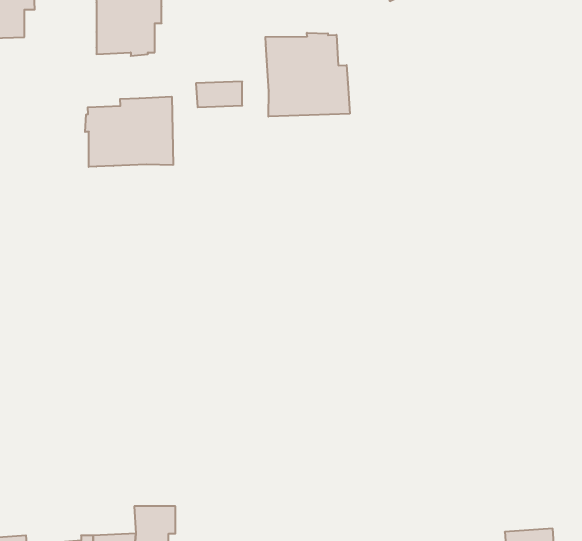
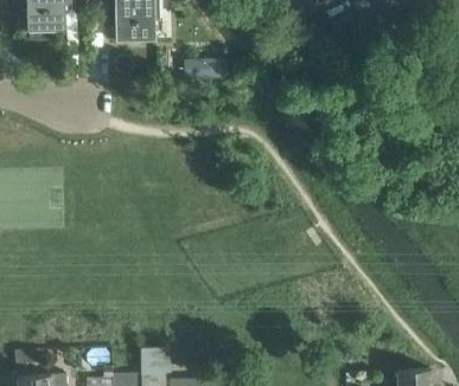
building: [265,33,350,117] -> none
building: [85,97,173,167] -> none

